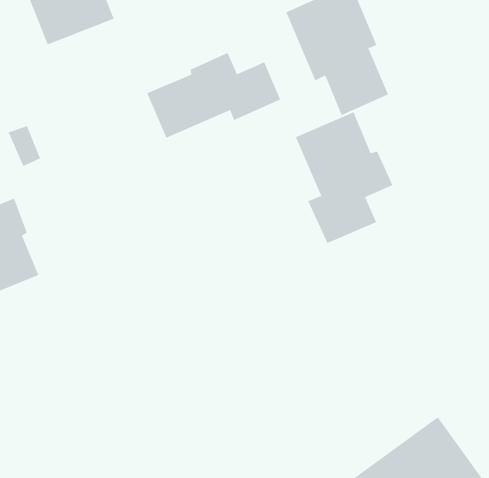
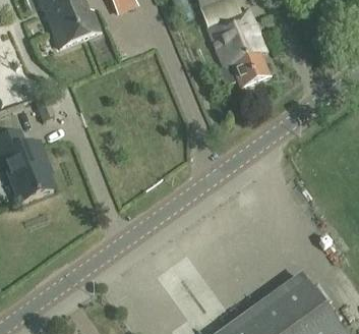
building: [147,52,281,138] -> none
building: [295,112,393,244] -> none

